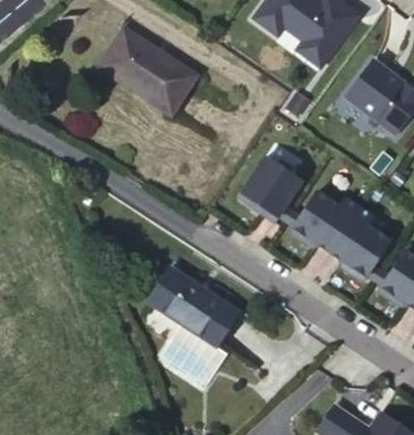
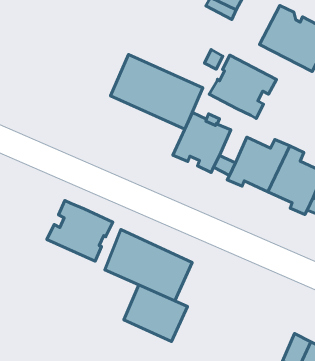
building: [99,27,196,114] -> [110,55,203,129]
building: none -> [209,55,277,118]
building: none -> [47,200,113,261]

